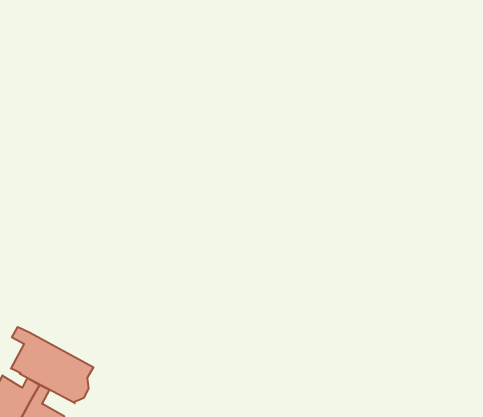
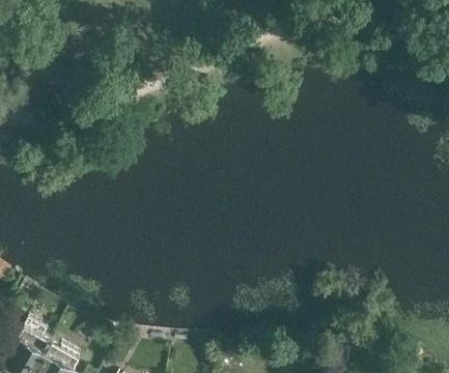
building: [11,327,93,403] -> none

